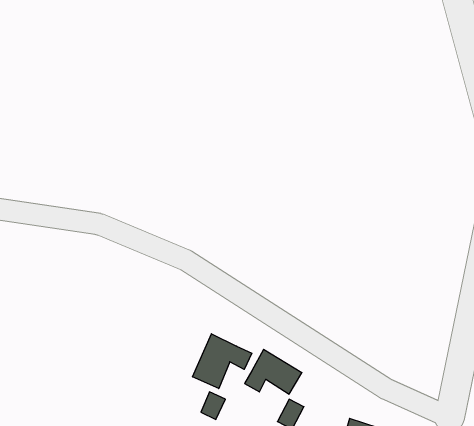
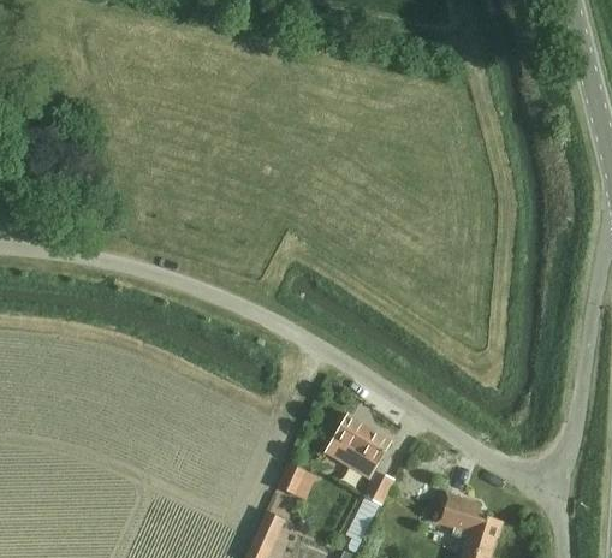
building: [193,334,252,389] -> none

